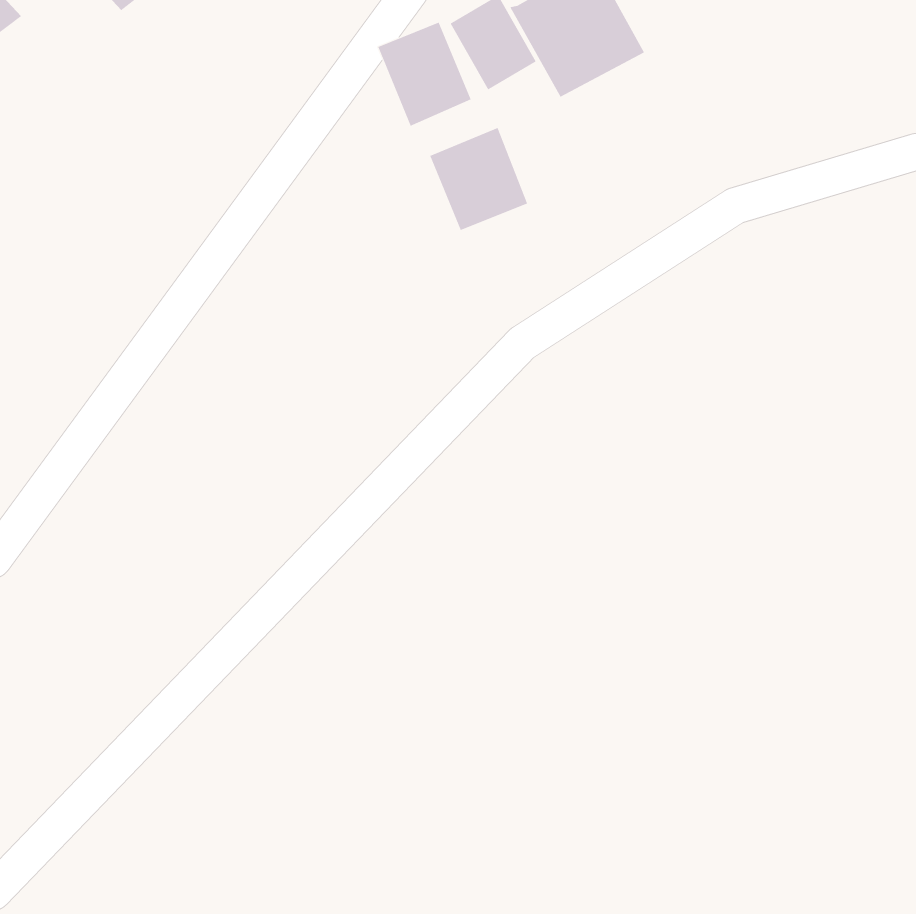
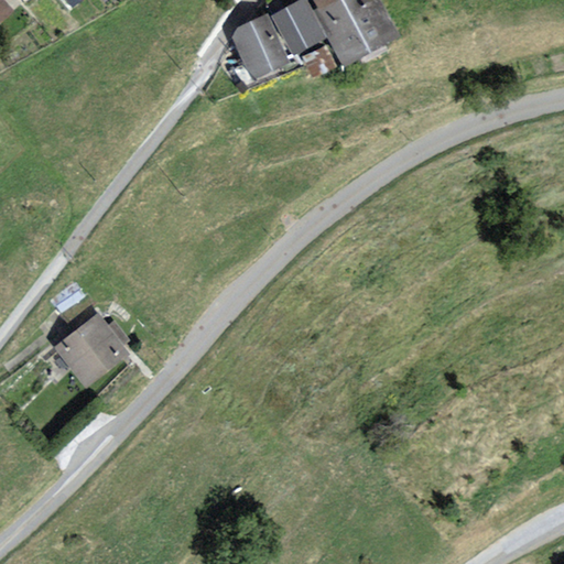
building: [429,127,528,231] -> none
building: none -> [54,313,130,388]

